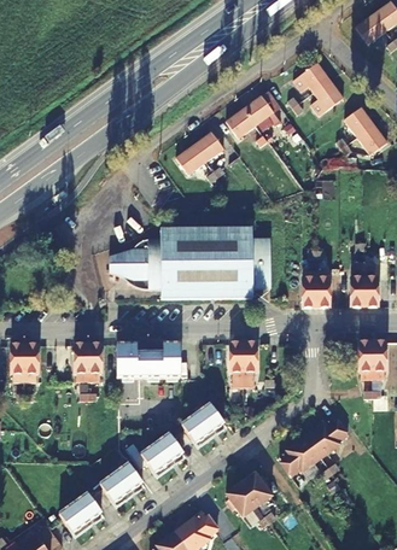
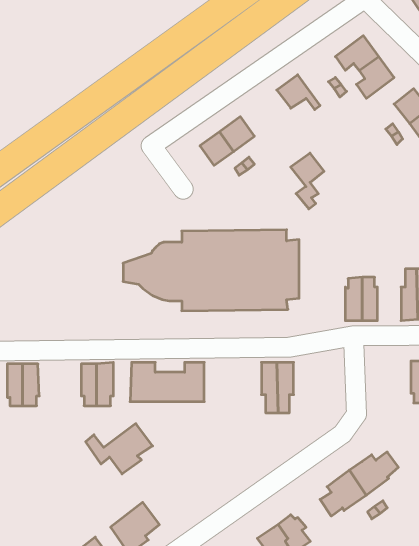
building: [226,109,255,157] -> [291,153,324,209]
building: [180,405,223,449] -> none
building: [124,435,182,479] -> [86,424,153,474]

